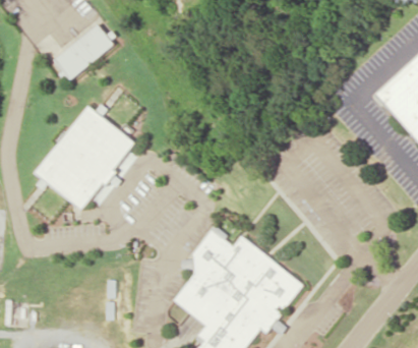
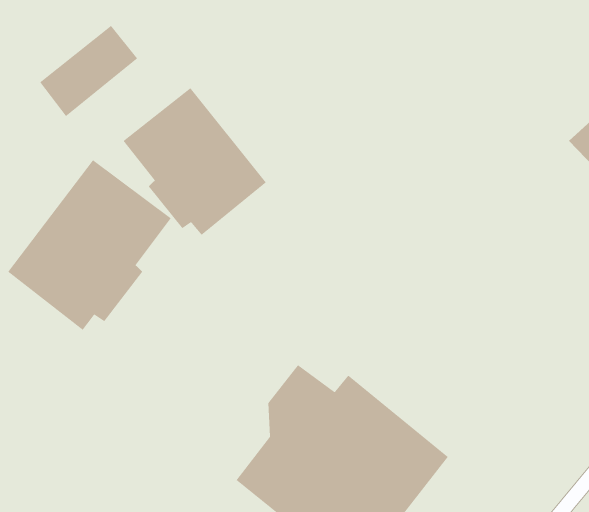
building: none -> [122,87,267,236]

